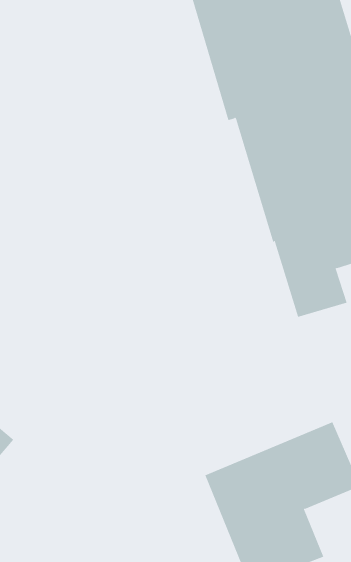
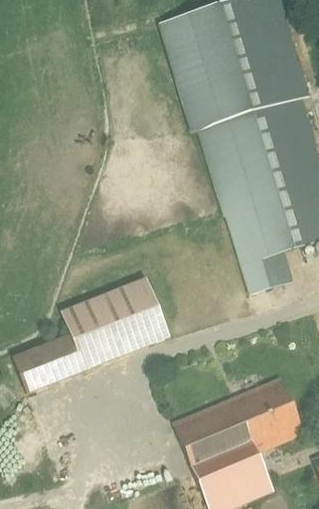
building: none -> [13,271,174,390]

